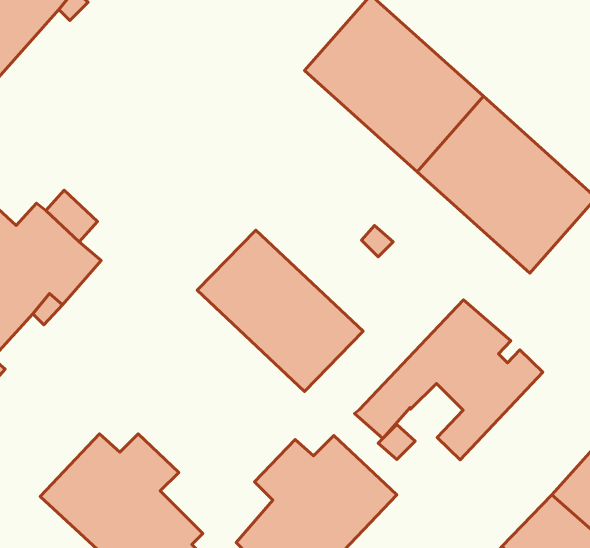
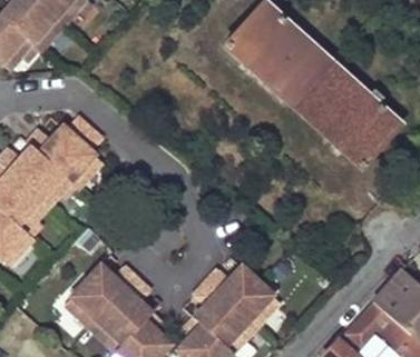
building: [197,230,363,391] -> none
building: [355,300,543,460] -> none

